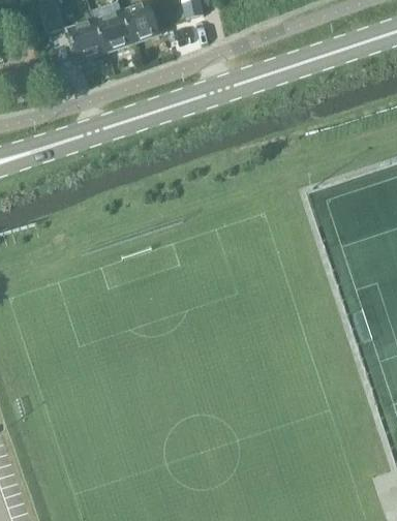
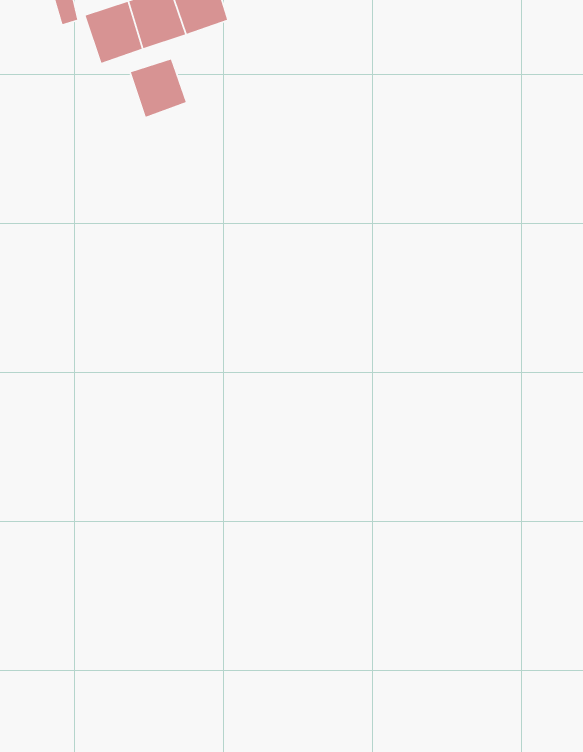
building: none -> [130,59,187,118]

